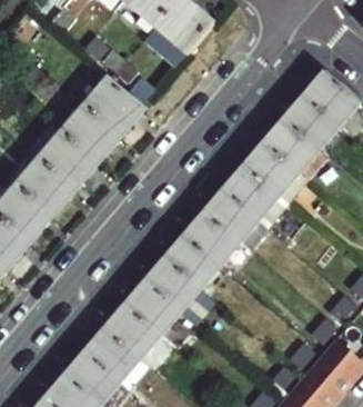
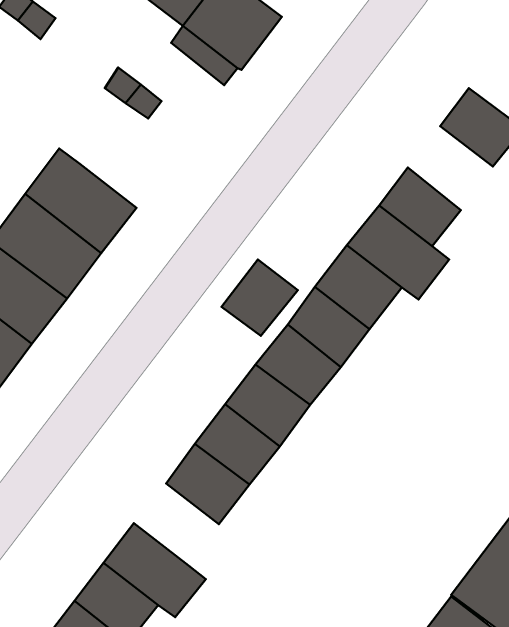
building: [85,78,142,133] -> none
building: [286,93,339,146] -> none
building: none -> [222,259,298,336]
building: [107,304,159,355] -> none

